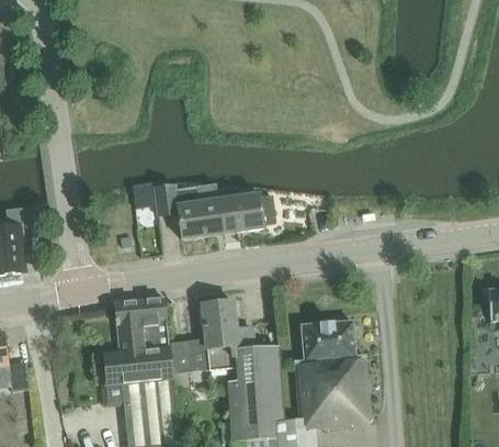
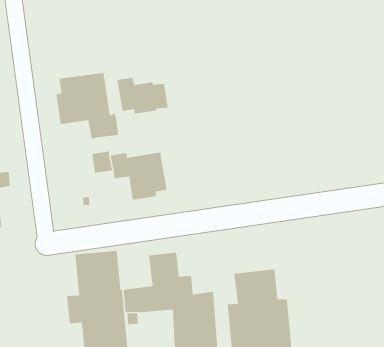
building: none -> [56,72,119,140]
building: [216,187,277,231] -> [116,77,168,114]

